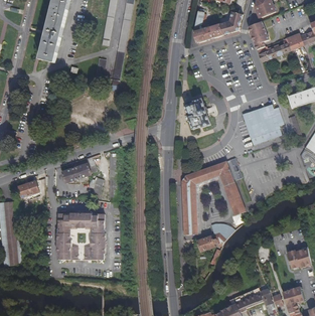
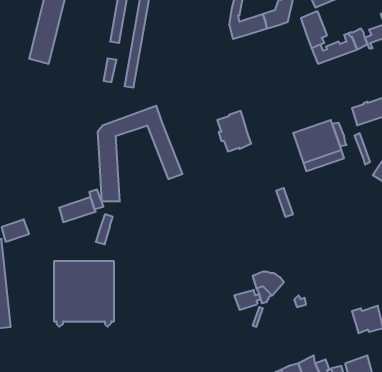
building: [180,160,246,233] -> [98,106,183,201]

